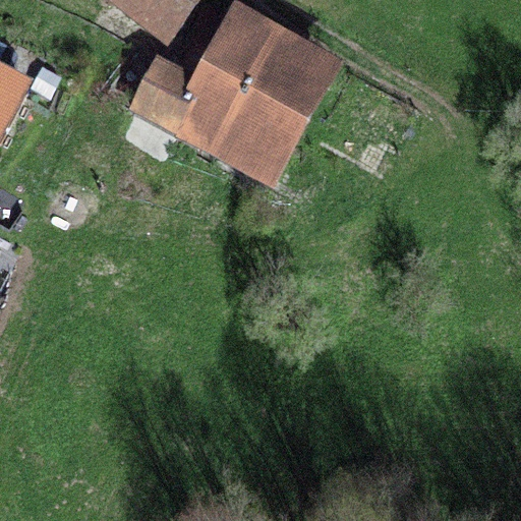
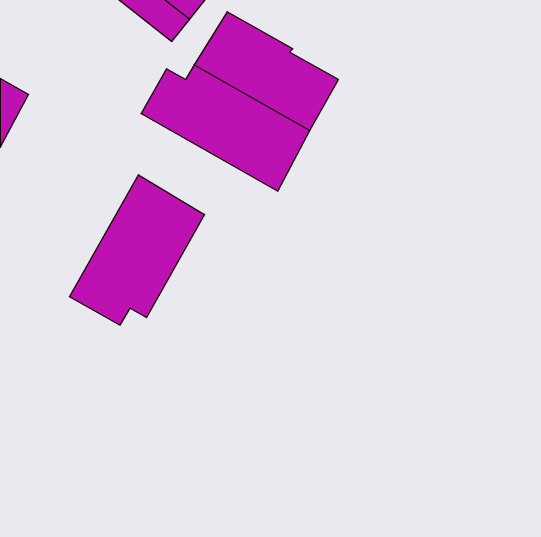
building: none -> [69,175,205,325]

